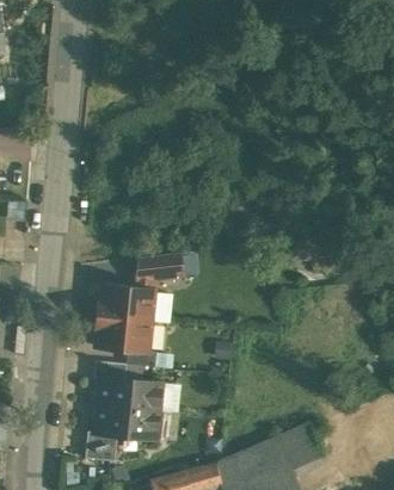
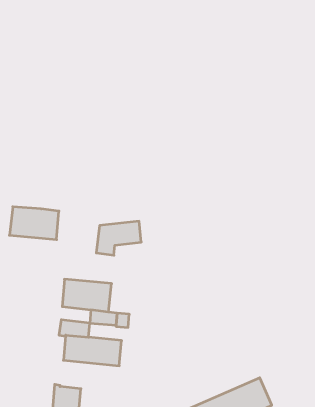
building: [98,285,152,321] -> [9,207,59,240]
building: [93,404,158,439] -> none

